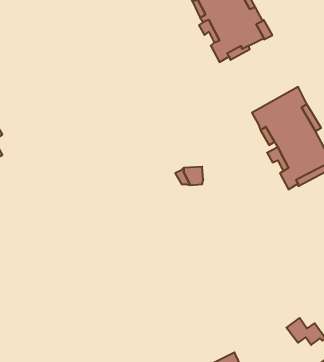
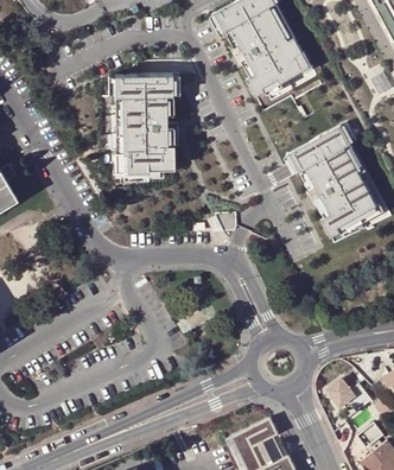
building: none -> [113,76,176,176]

